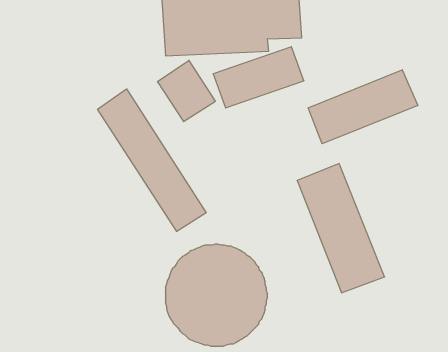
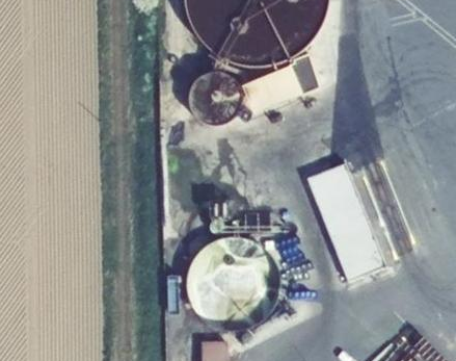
building: [308,70,418,144] -> none
building: [98,89,206,231] -> none

